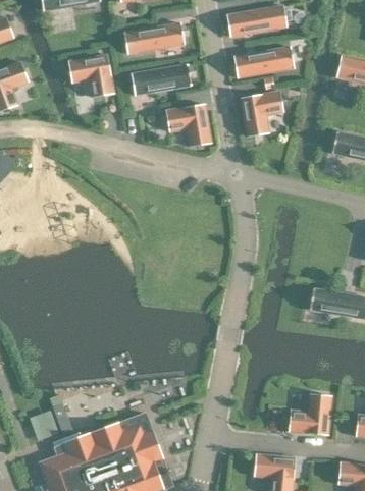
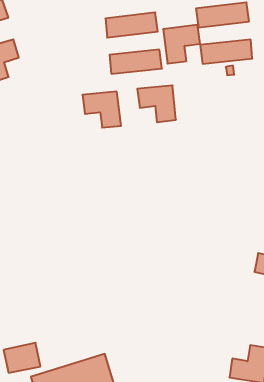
building: [68,55,114,97] -> [82,92,121,128]
building: [241,91,283,137] -> [163,25,200,64]

